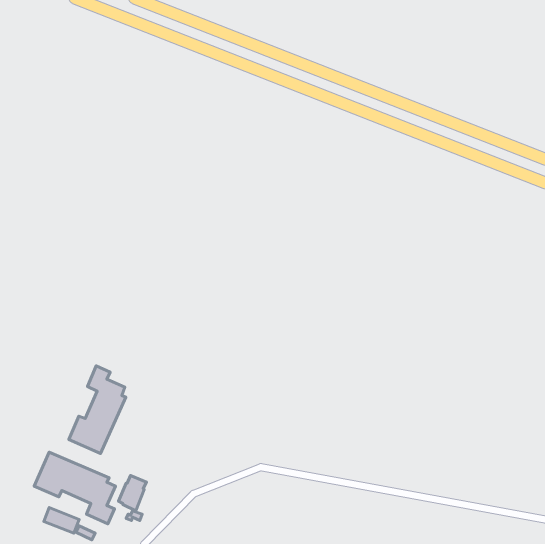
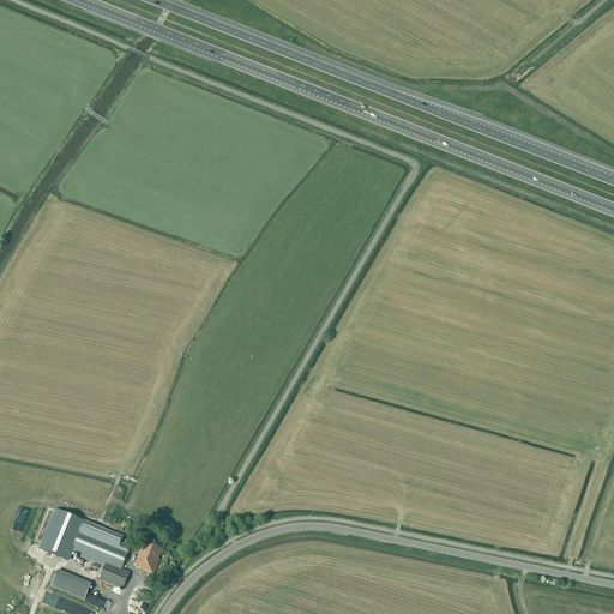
building: [69,366,126,454] -> none

